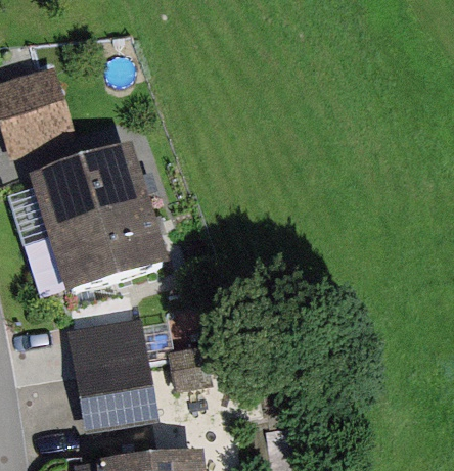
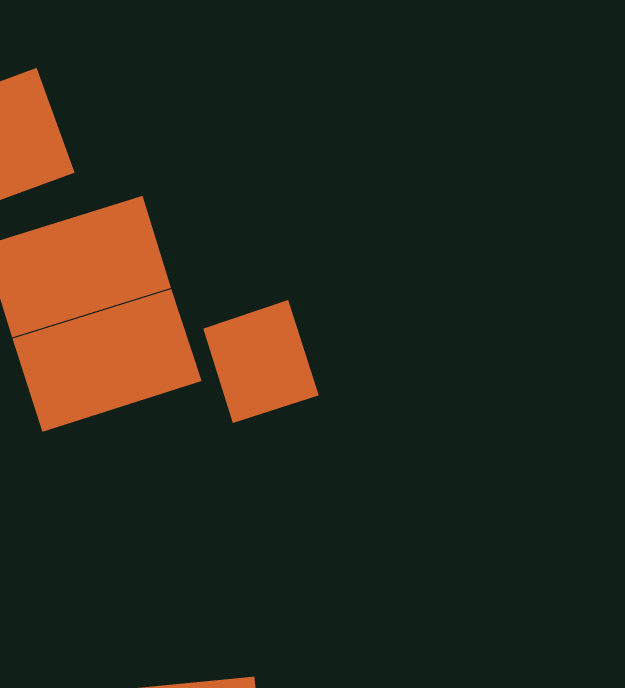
building: none -> [203,299,320,424]
building: [63,317,149,399] -> none

